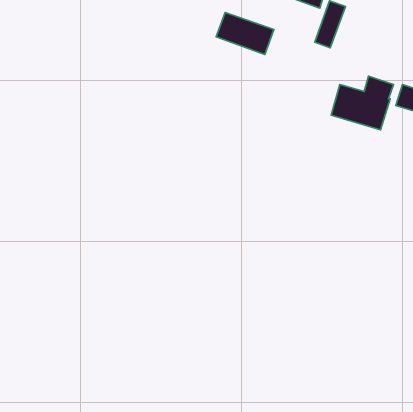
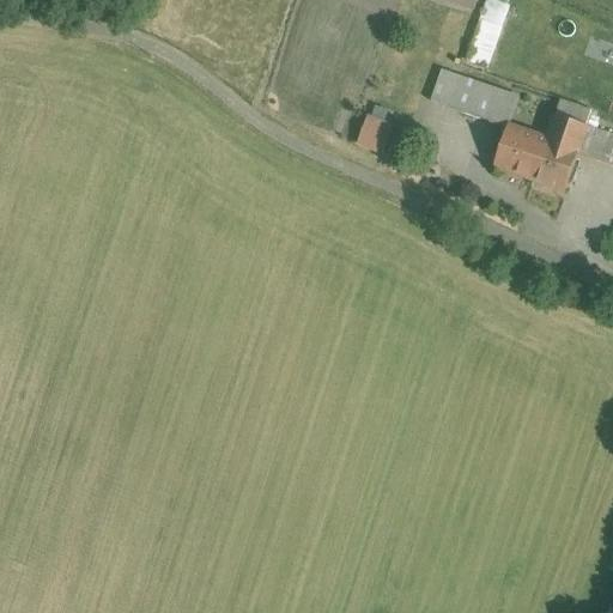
building: [216,12,274,55] -> [438,63,523,126]
building: none -> [357,114,396,154]

